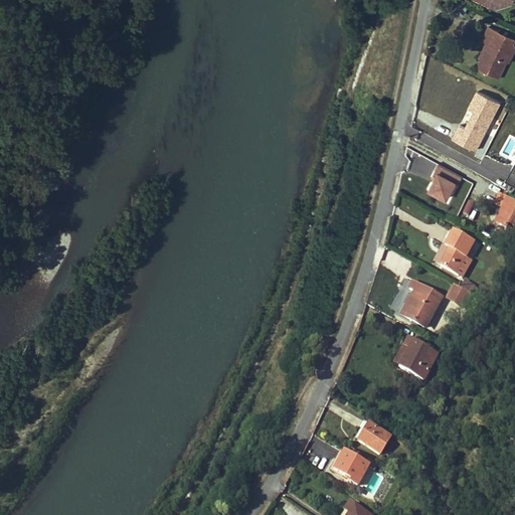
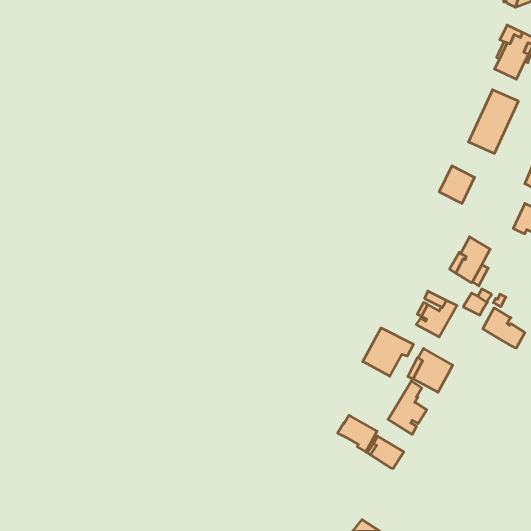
building: none -> [483,308,525,348]
building: none -> [363,328,413,376]
building: none -> [388,381,427,434]
building: [332,449,370,484] -> [338,415,377,452]

